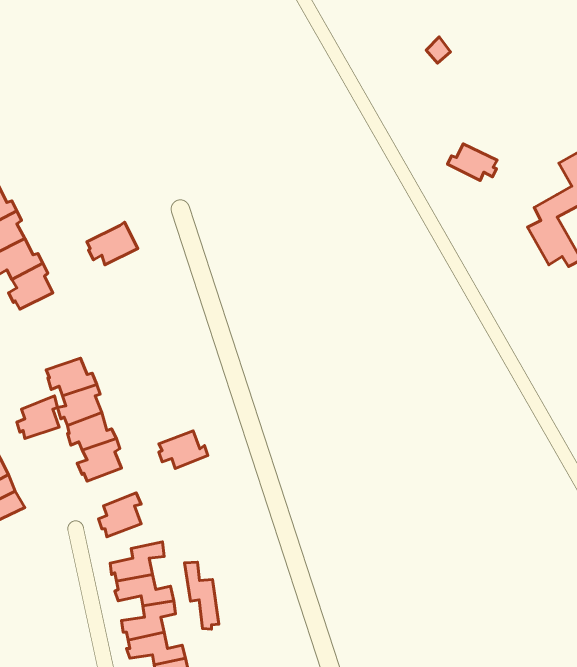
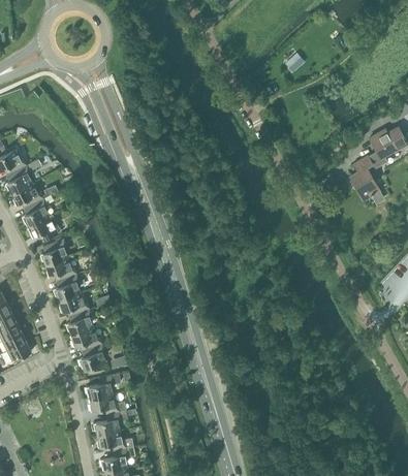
building: [448,144,497,180] -> none
building: [87,222,138,265] -> [29,216,61,243]
building: [17,396,59,439] -> [40,240,67,266]
building: [159,431,208,468] -> [71,328,102,352]
building: [185,562,219,629] -> none

